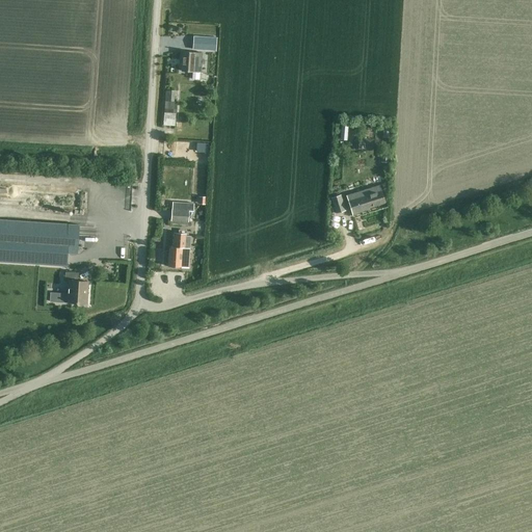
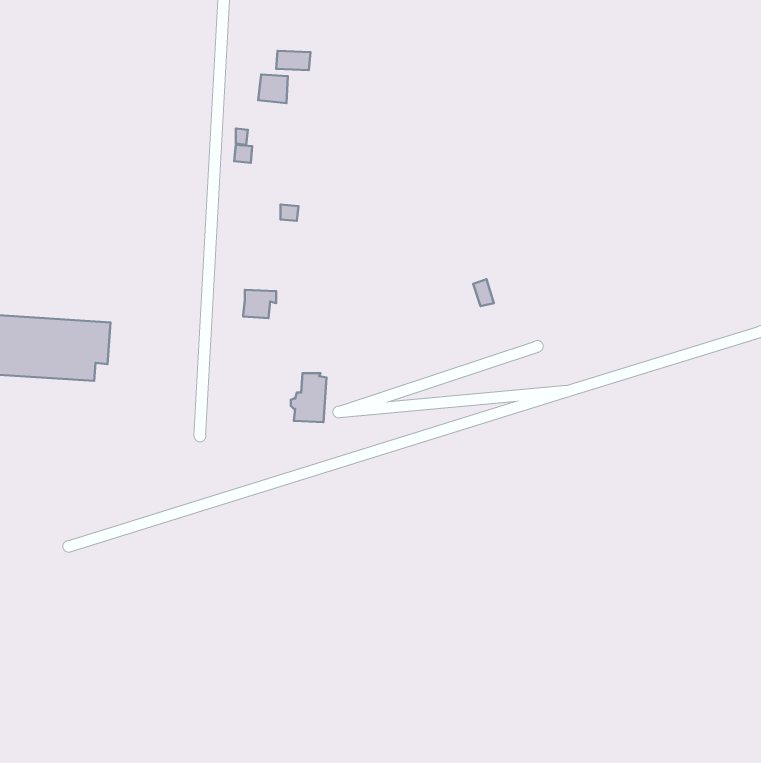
building: [345,185,384,215] -> none
building: [164,233,189,267] -> [291,373,327,422]
building: [49,271,87,303] -> none

